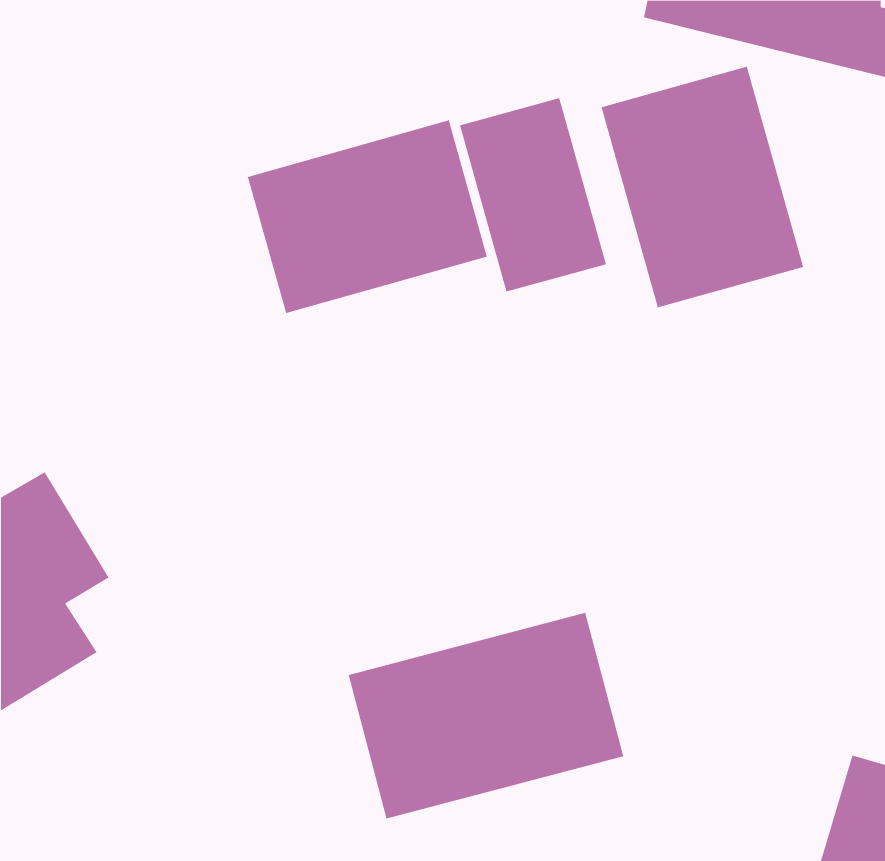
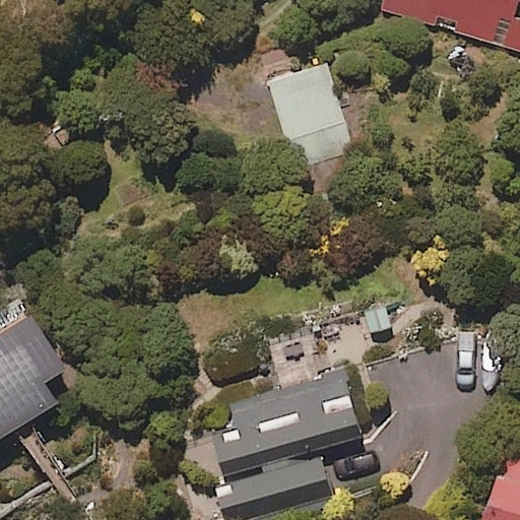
building: [601,66,804,308] -> none
building: [247,120,488,314] -> none

